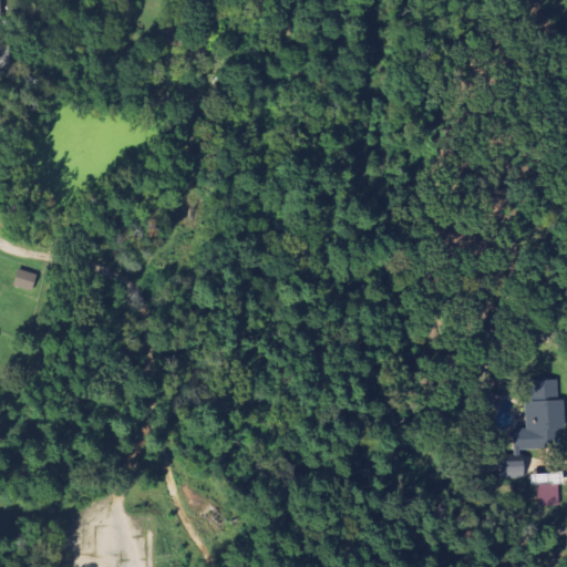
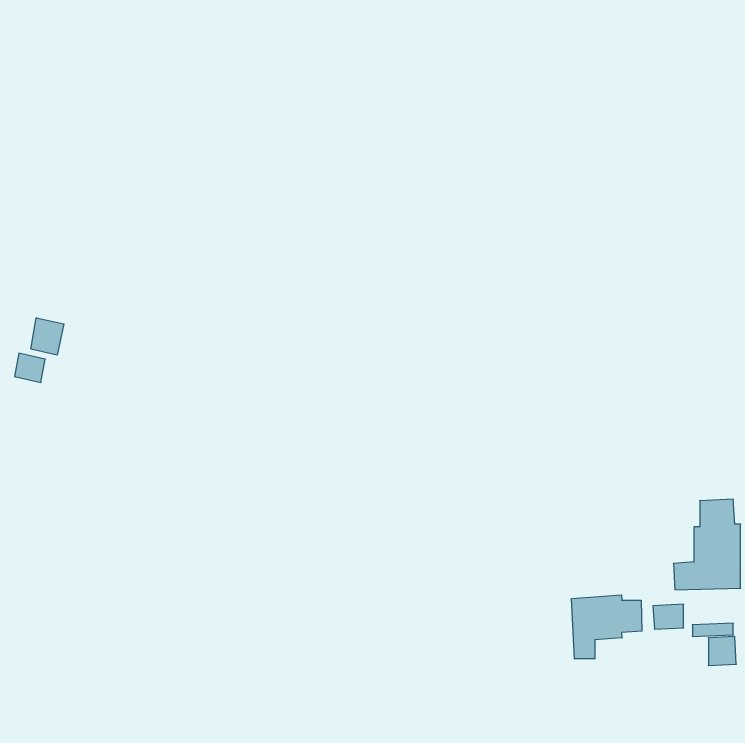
building: none -> [31,318,64,355]
building: none -> [572,595,642,659]

